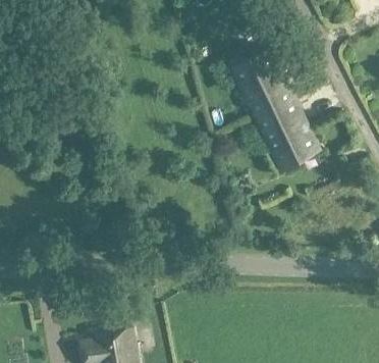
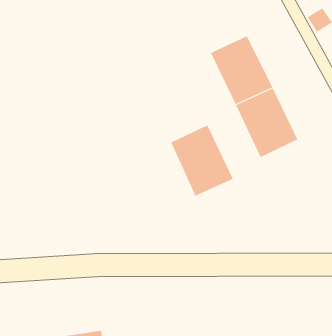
building: none -> [170,124,233,196]

